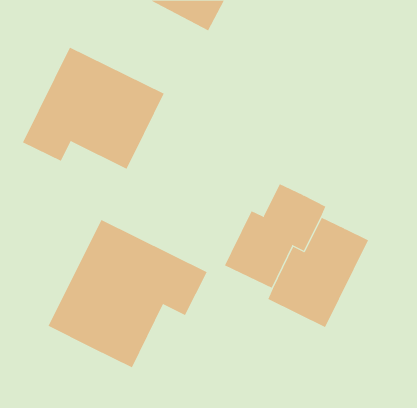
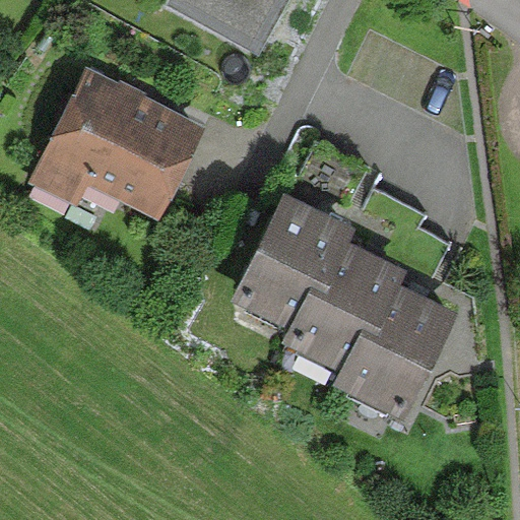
building: none -> [231,191,354,326]
building: [48,219,208,368] -> none

